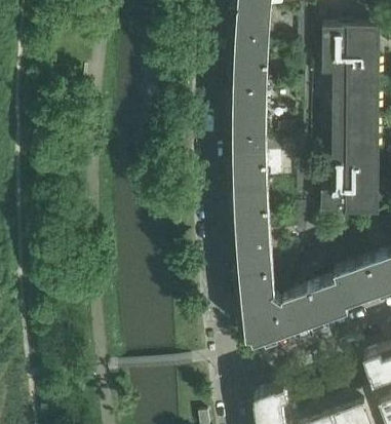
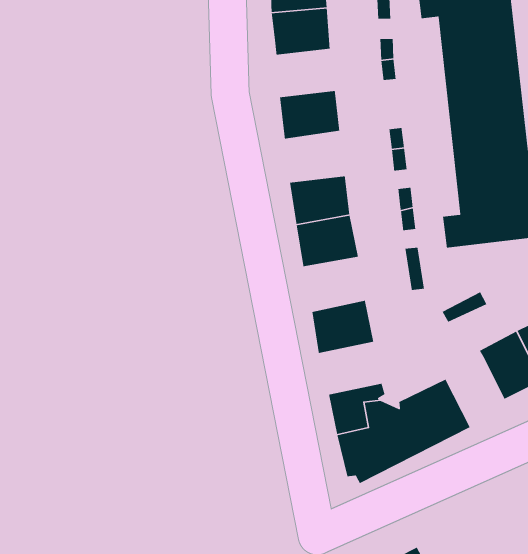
building: [232,87,266,112] -> none
building: [232,137,266,163] -> none
building: [234,213,269,241] -> none
building: [237,264,273,292] -> none
building: [311,281,347,321] -> none

